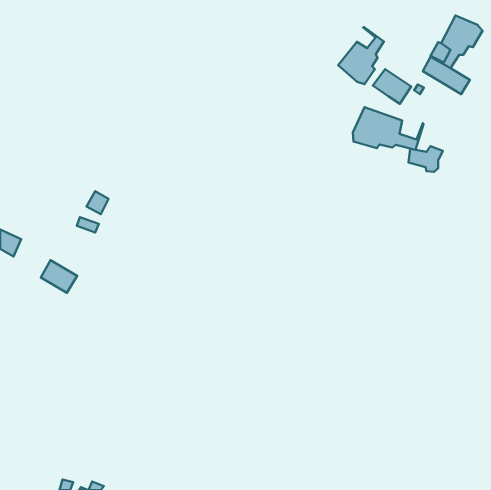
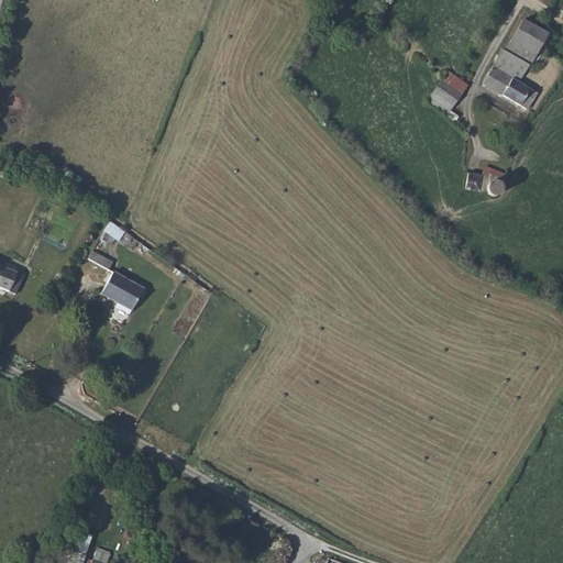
building: [338,27,384,84] -> none
building: [353,107,424,150] -> none
building: [41,260,77,293] -> [100,272,142,309]

